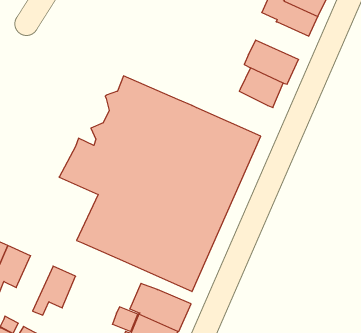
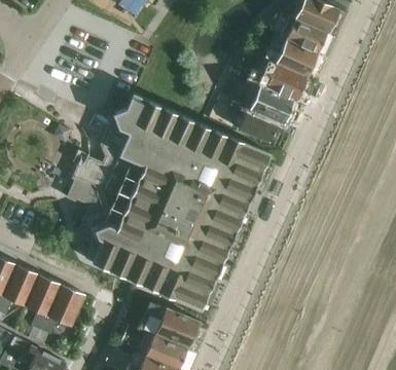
building: none -> [264,39,318,77]
building: none -> [227,100,277,143]
building: none -> [24,274,61,330]

